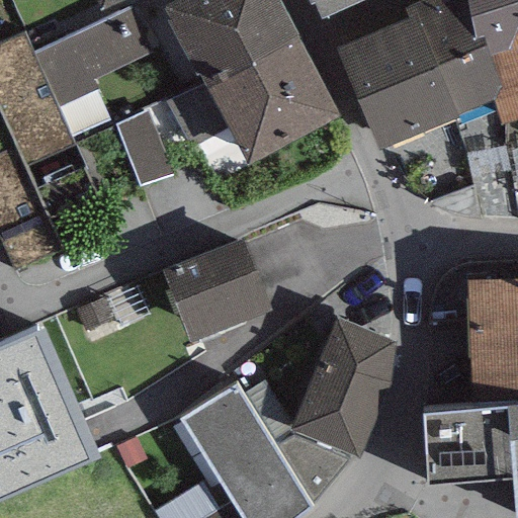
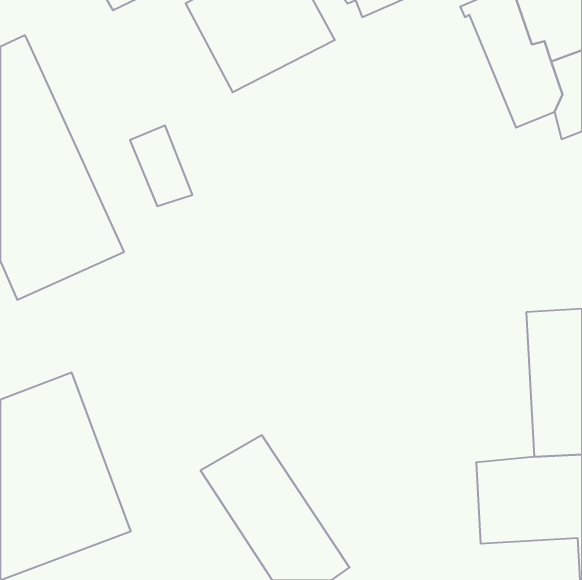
building: [31,6,153,106] -> none
building: [336,13,458,147] -> none
building: [169,35,339,161] -> none
building: [165,241,270,338] -> none
building: [289,317,394,458] -> none

